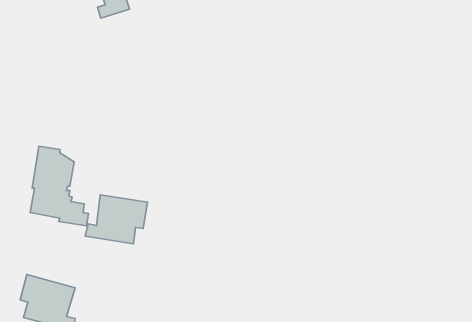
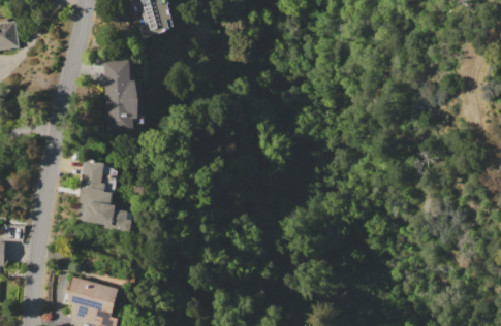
building: none -> [102,60,137,130]
building: [85,195,148,244] -> none

